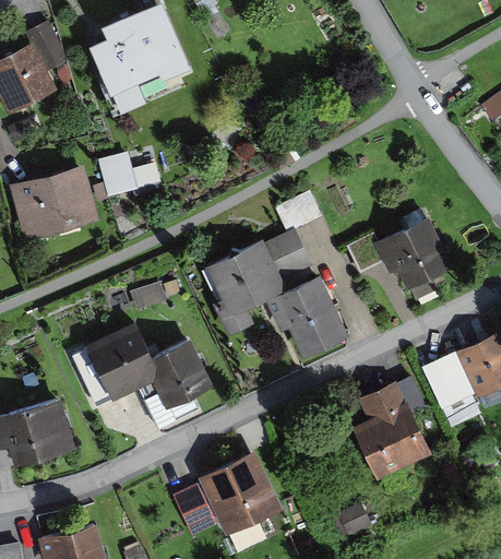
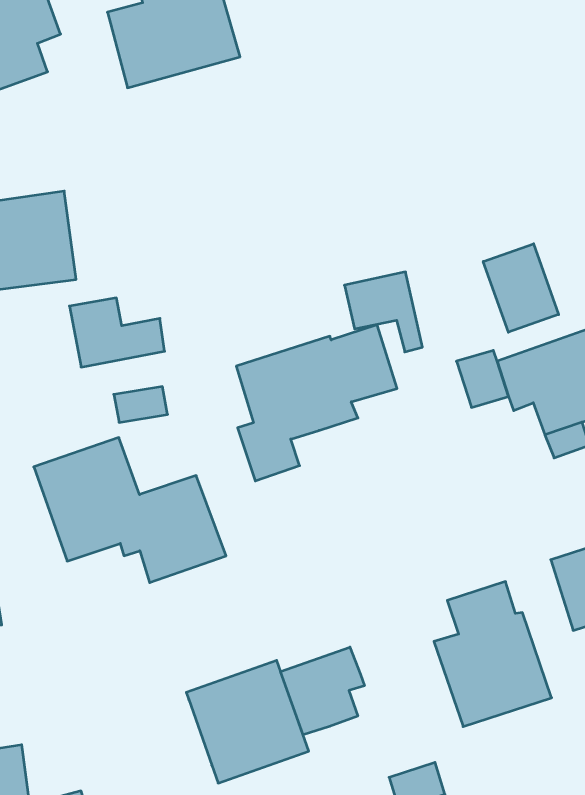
building: [92,152,156,199] -> [69,298,165,367]
building: none -> [483,244,559,332]
building: [264,274,350,359] -> none
building: none -> [281,647,364,735]
building: [172,483,220,537] -> none

